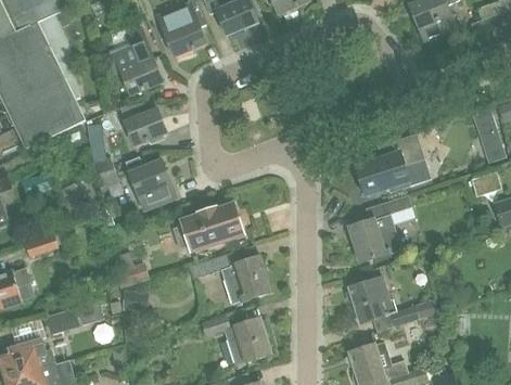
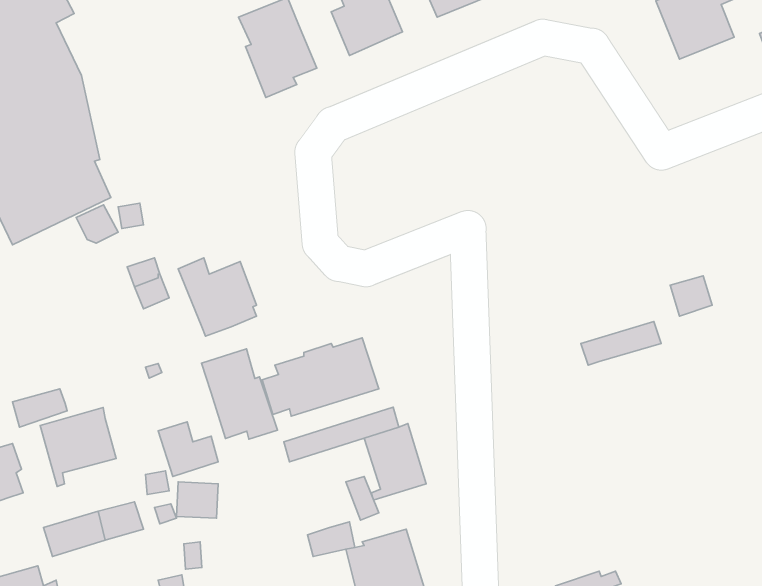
building: [113,27,161,94] -> none
building: [124,107,166,145] -> none
building: [356,132,424,194] -> none
building: none -> [202,349,277,439]
building: [347,218,399,262] -> none
building: none -> [40,408,116,487]
building: [348,277,440,332] -> none

